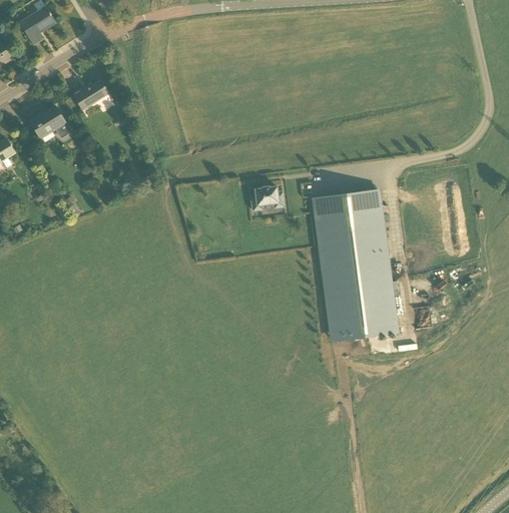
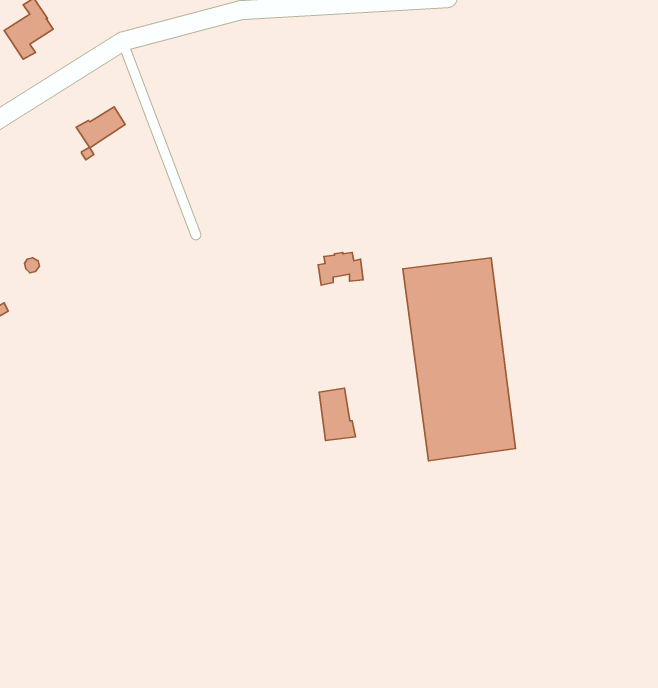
building: [29,106,65,138] -> none
building: none -> [319,388,356,441]

